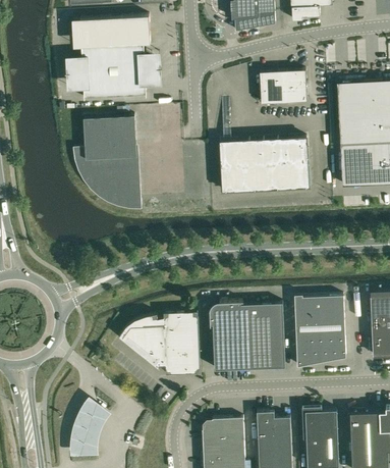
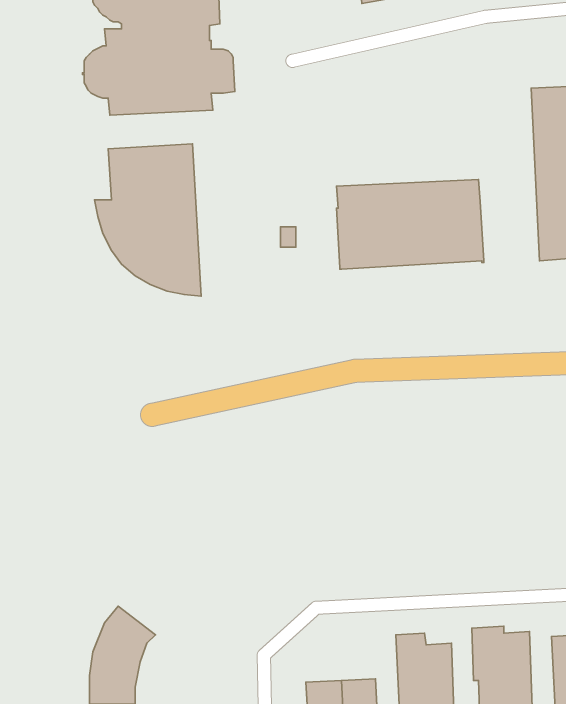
building: [259,70,307,104] -> none
building: [294,296,345,367] -> none
building: [209,302,284,370] -> none
building: [118,311,199,374] -> none
building: [202,418,243,440] -> none

